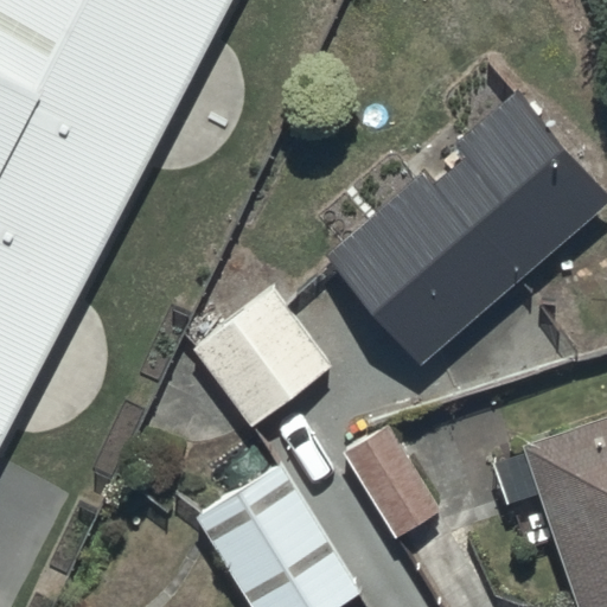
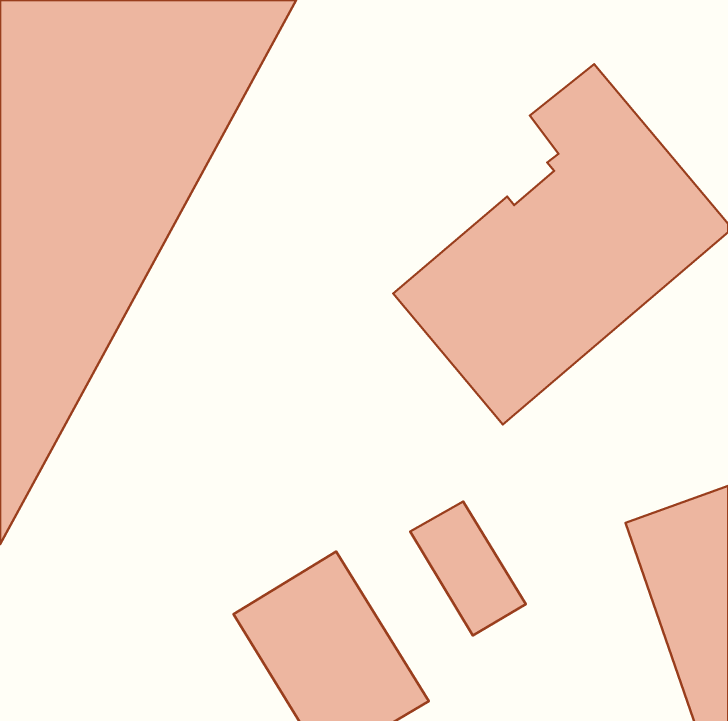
building: [190,290,328,427] -> none

